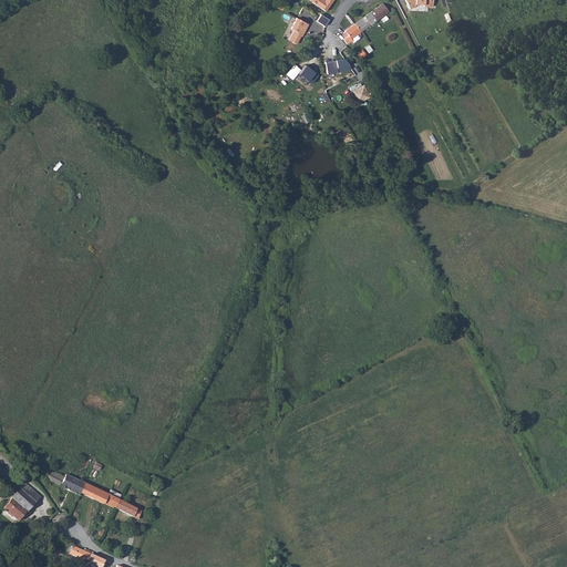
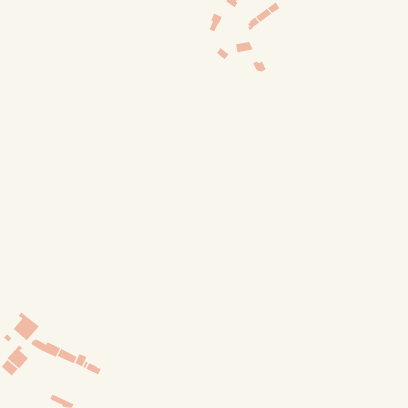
building: none -> [13,312,40,341]

